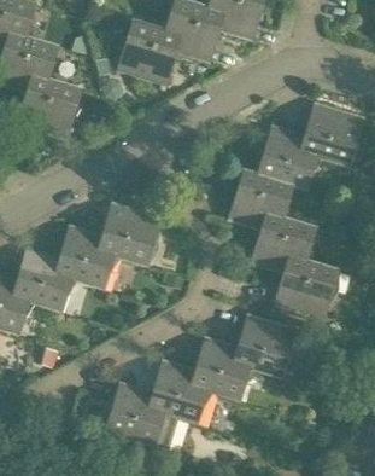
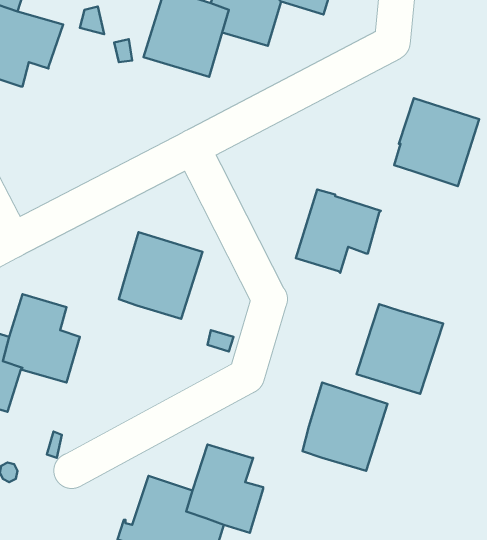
building: [17,75,80,139] -> none
building: [258,124,316,190] -> none
building: [251,211,315,272] -> none
building: [55,222,112,289] -> none
building: [192,335,248,400] -> none

